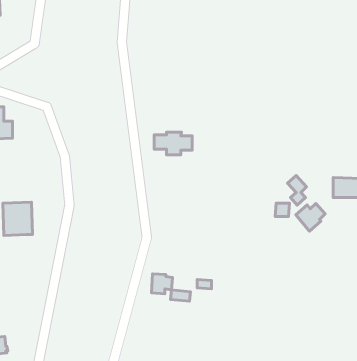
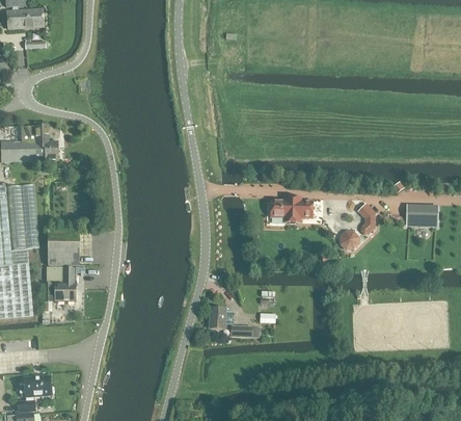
building: [154,132,192,155] -> [270,198,311,222]
building: [296,203,325,231] -> none
building: none -> [54,268,75,301]

